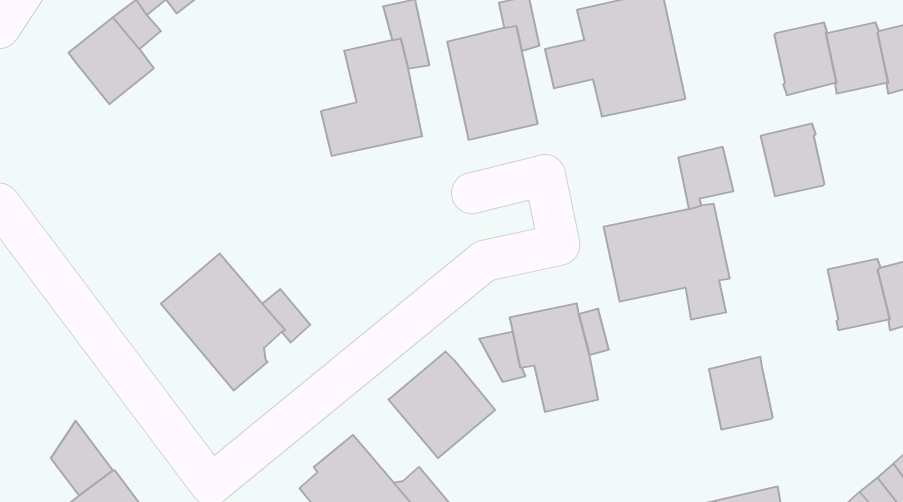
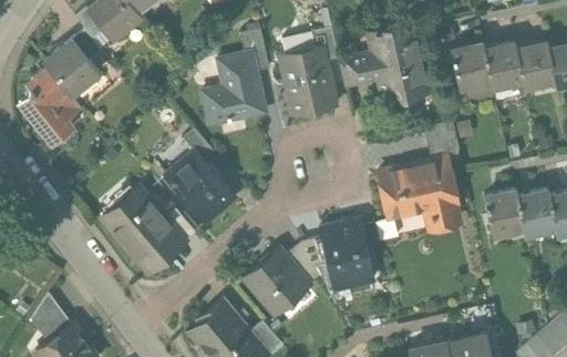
building: none -> [25,67,81,141]
building: [761,123,825,196] -> [451,43,491,89]
building: none -> [165,150,236,223]
building: none -> [285,241,320,285]
building: [709,357,773,430] -> [484,191,524,236]

